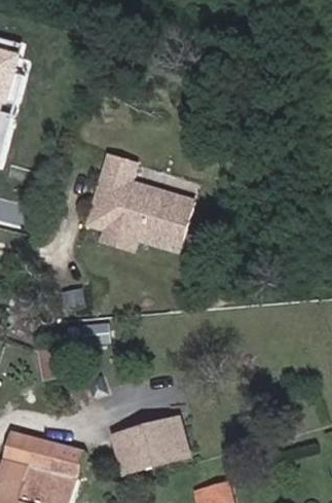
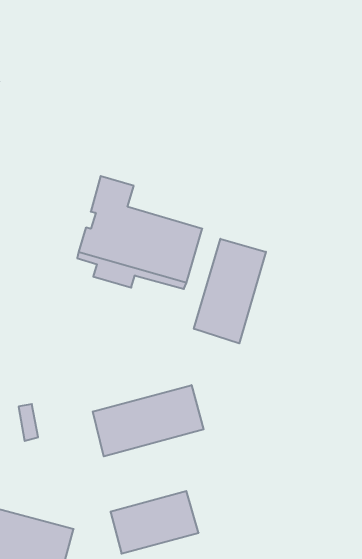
building: none -> [194,239,266,343]
building: none -> [93,385,204,456]

